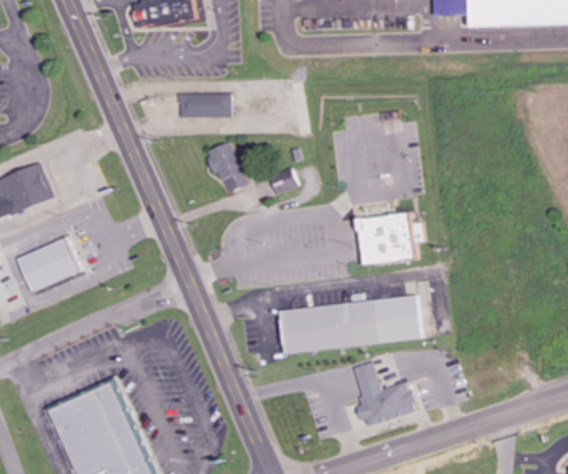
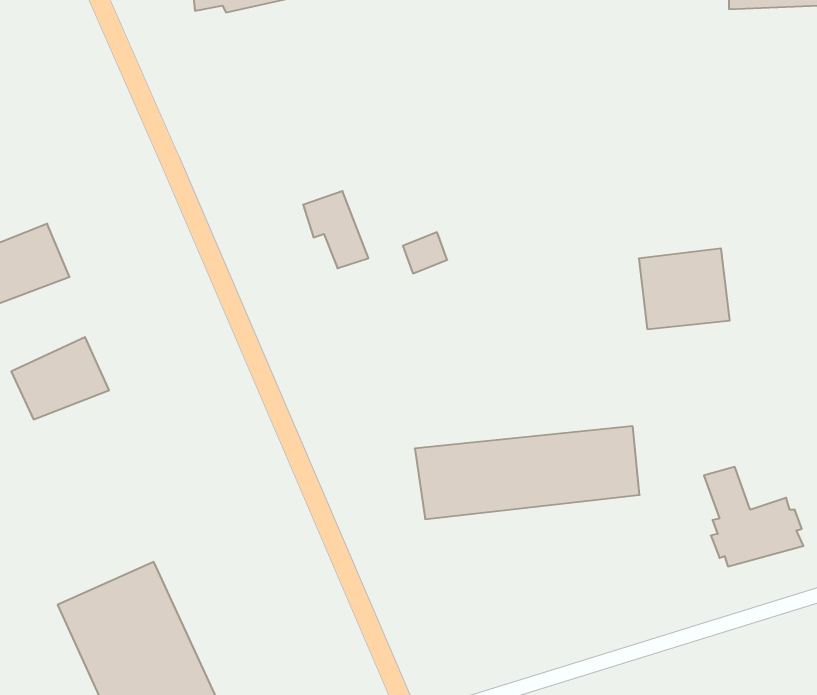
building: [180,93,231,118] -> none
building: [356,212,415,264] -> [639,248,730,329]
building: [354,362,418,426] -> [704,467,803,566]

